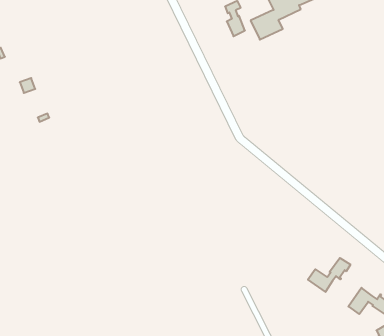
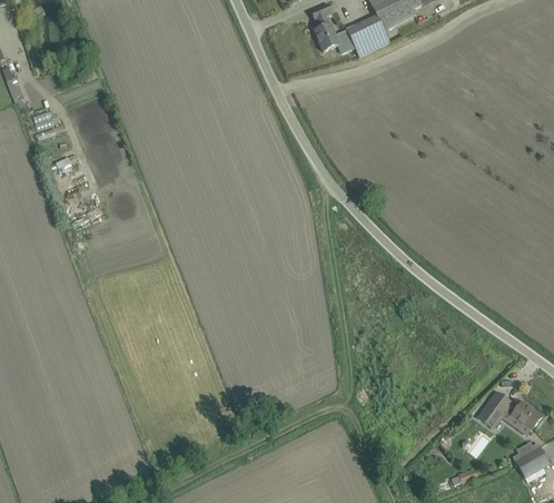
building: [308,258,350,292] -> none

